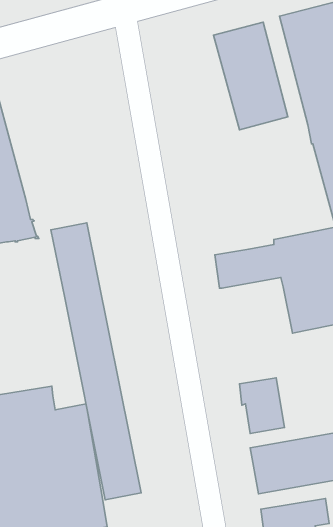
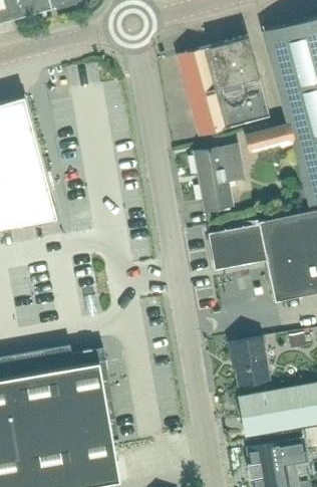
building: none -> [178,47,230,136]
building: none -> [246,124,291,151]
building: none -> [194,144,244,211]
building: [51,223,141,500] -> none

